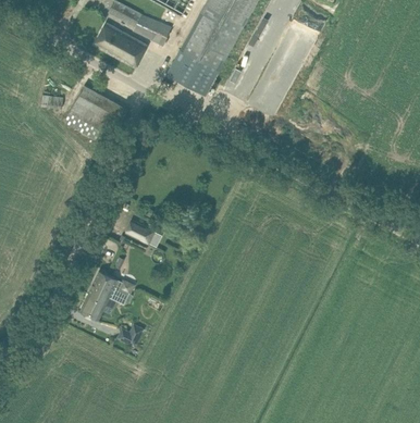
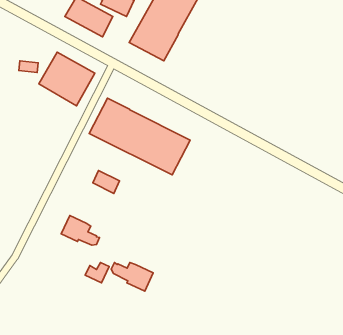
building: none -> [89,98,190,175]
building: [79,290,108,320] -> none
building: none -> [111,262,153,291]

